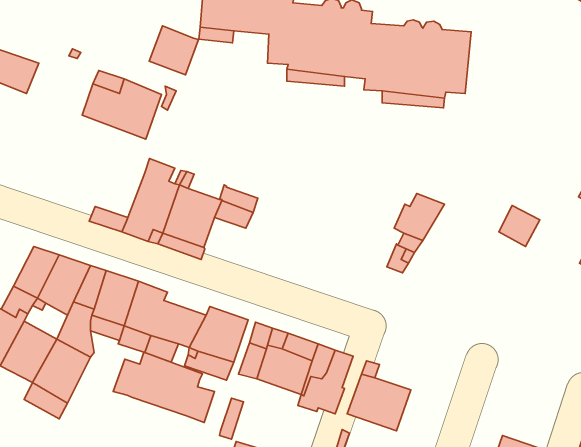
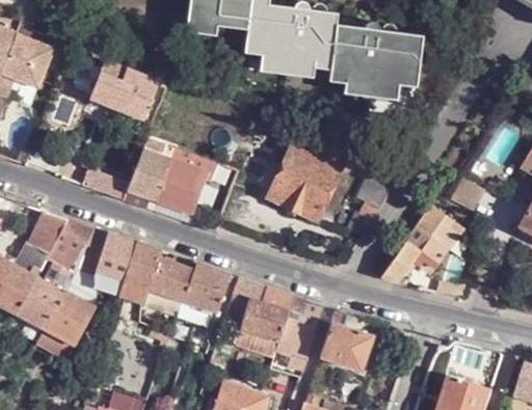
building: [149,26,199,75] -> none
building: none -> [270,144,342,219]
building: none -> [381,207,461,284]
building: [113,352,215,423] -> none

